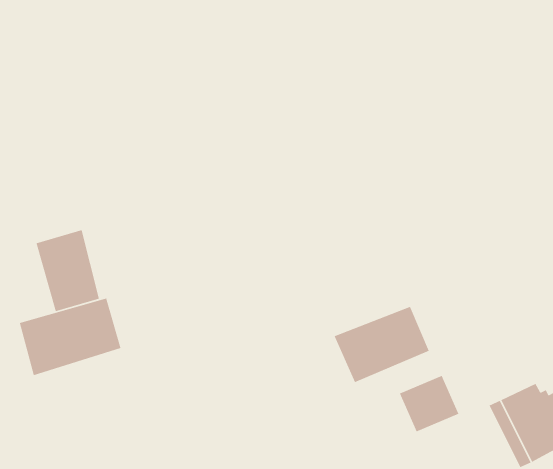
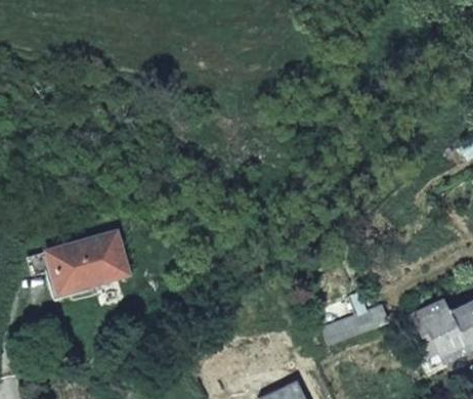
building: [36,229,100,312] -> none
building: [334,306,430,383] -> none

